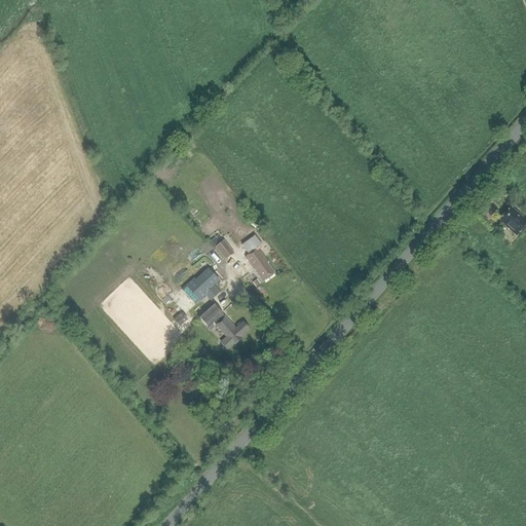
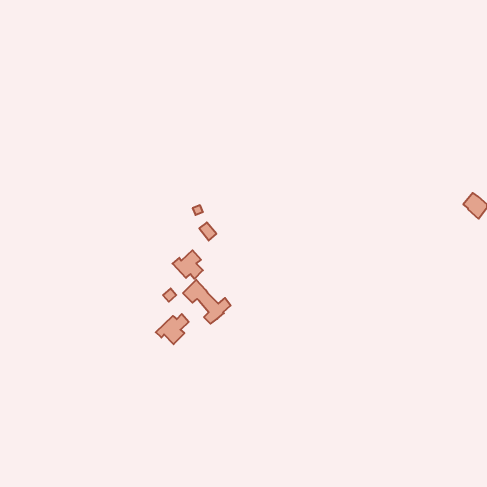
building: [243,246,274,280] -> none
building: none -> [156,314,189,344]

